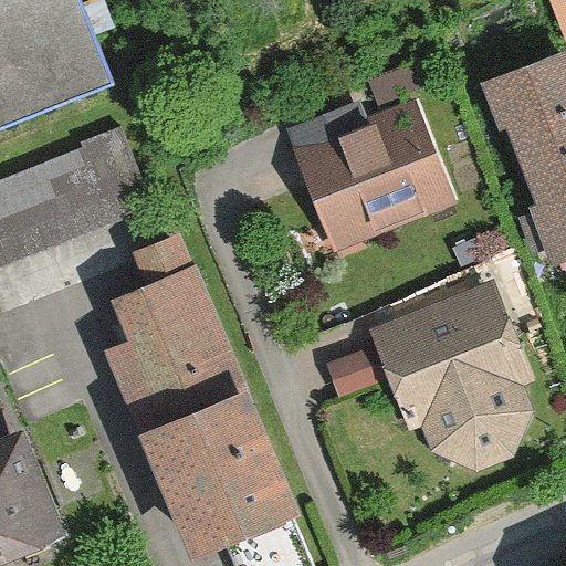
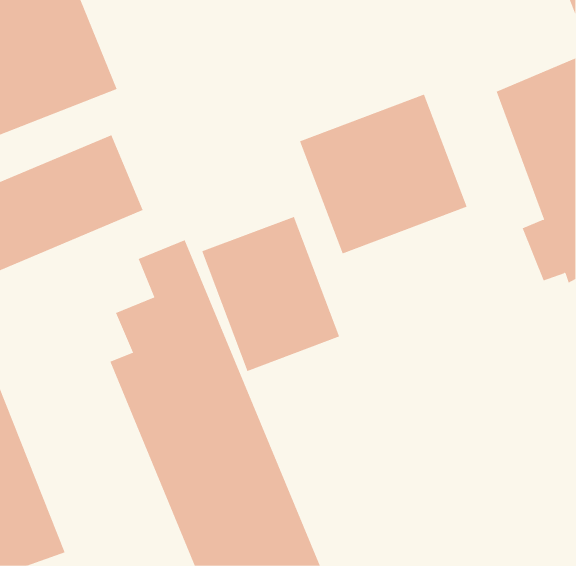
building: none -> [201,216,340,372]
building: [370,279,538,460] -> none

